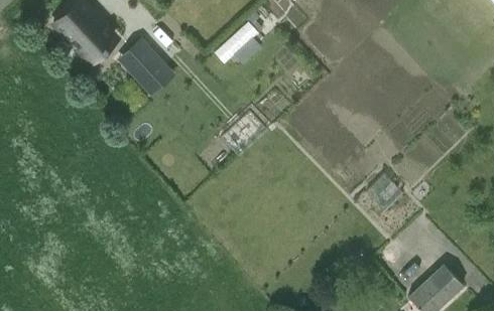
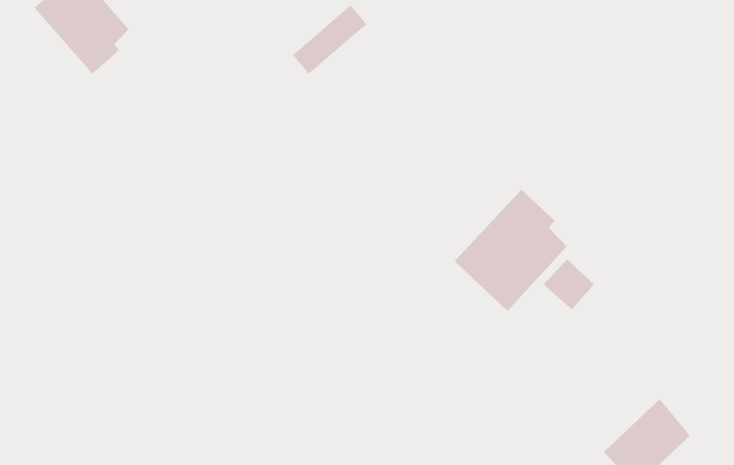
building: [117,38,175,98] -> none
building: none -> [454,189,568,312]

